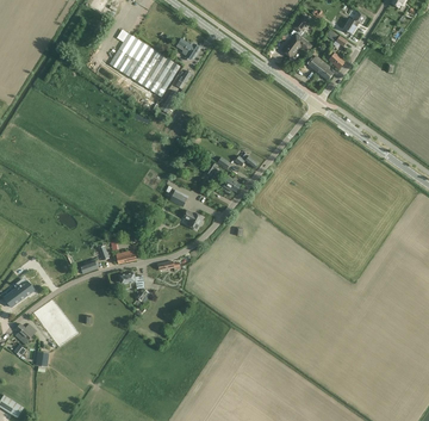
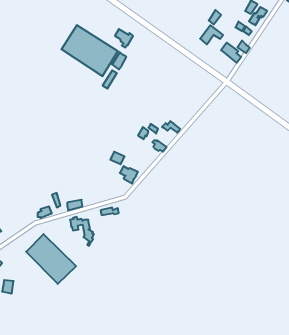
building: none -> [26,234,76,284]

